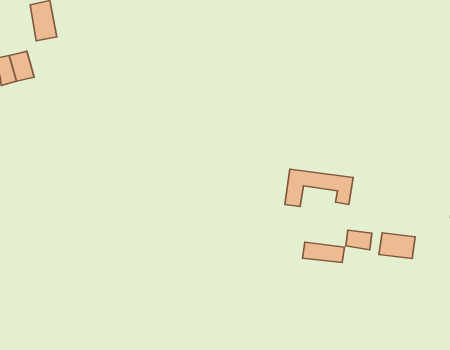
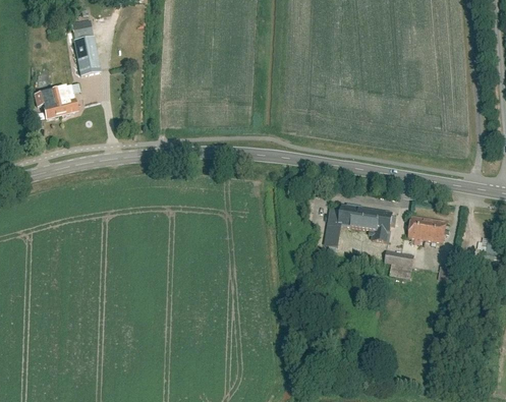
building: [379,233,415,259] -> [405,219,441,244]
building: [303,242,344,263] -> none

